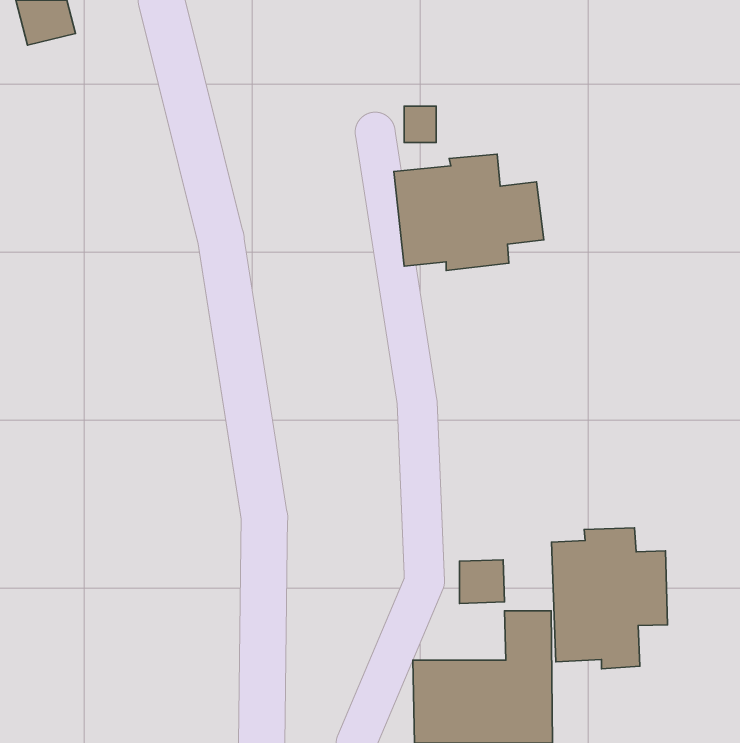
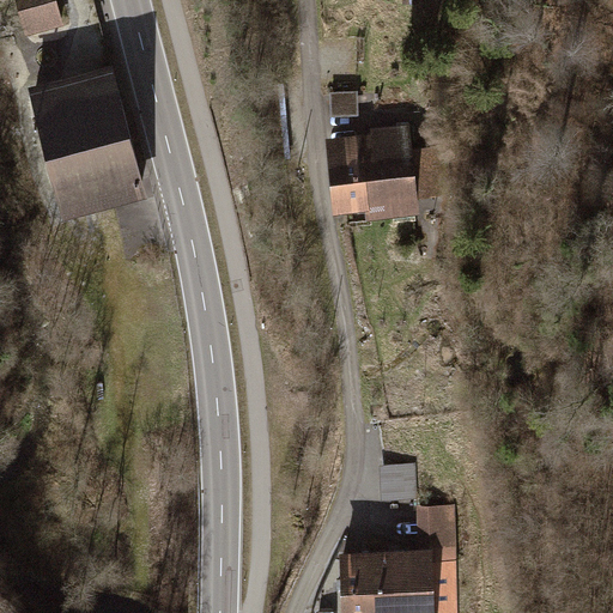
building: none -> [29,68,144,223]
building: [551,528,667,669] -> none

